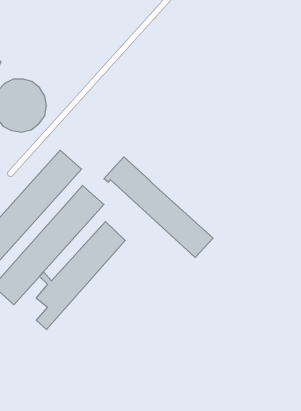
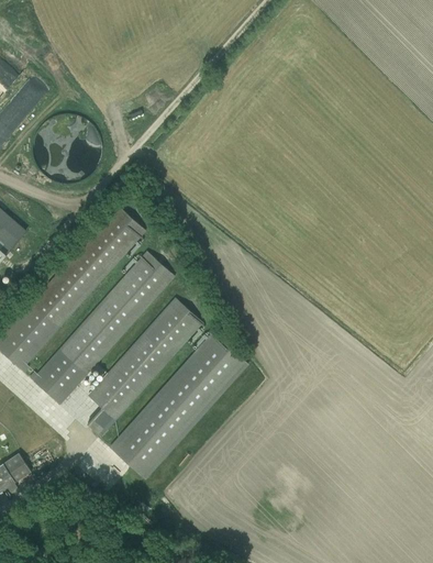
building: [104,157,213,257] -> none
building: none -> [109,332,247,478]

